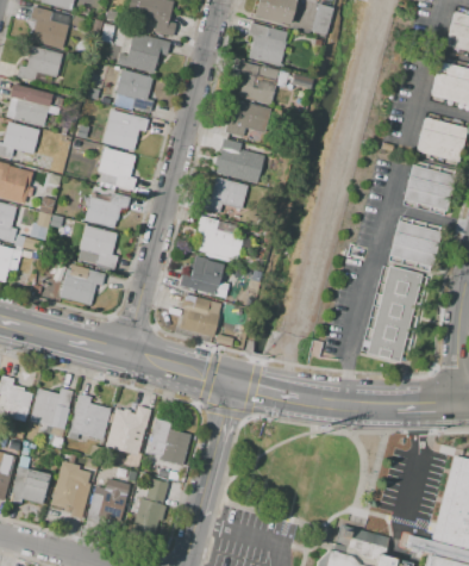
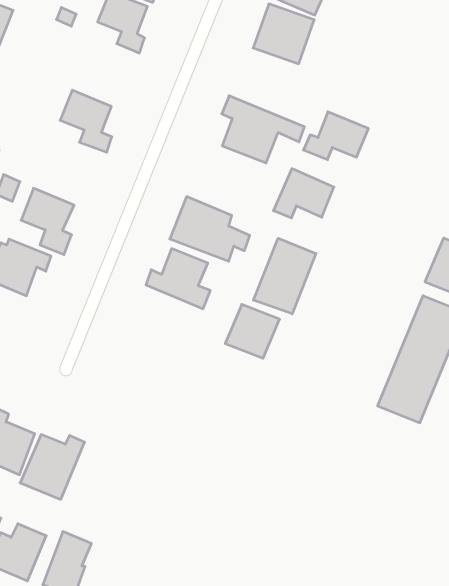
building: [225,101,271,137] -> [303,112,368,160]
building: [104,111,149,151] -> none
building: [206,176,249,213] -> [273,169,334,218]
building: [85,193,129,228] -> none
building: none -> [253,238,316,314]
building: [183,297,221,335] -> [225,304,280,358]
building: [146,418,192,465] -> none

